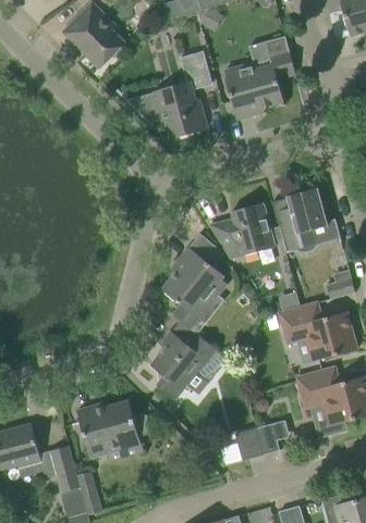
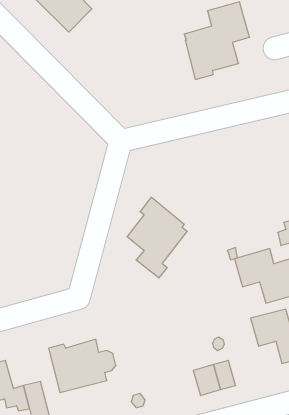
building: [125,50,212,137] -> none
building: [279,187,329,250] -> none
building: [211,202,276,257] -> none
building: [151,331,229,398] -> none

